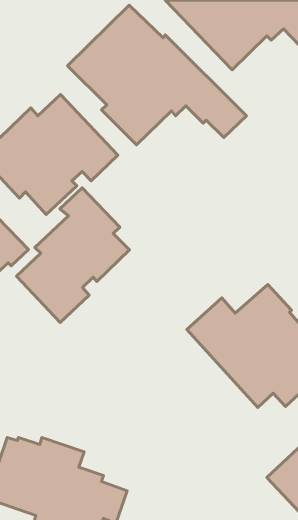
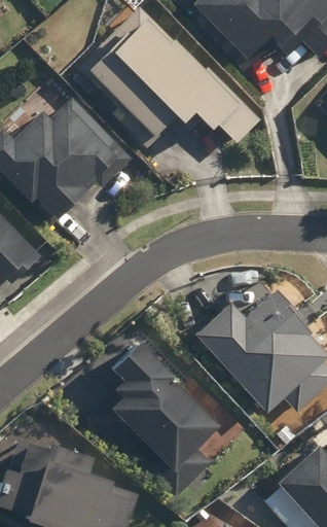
building: [16,188,130,322] -> none
building: none -> [86,344,220,498]

